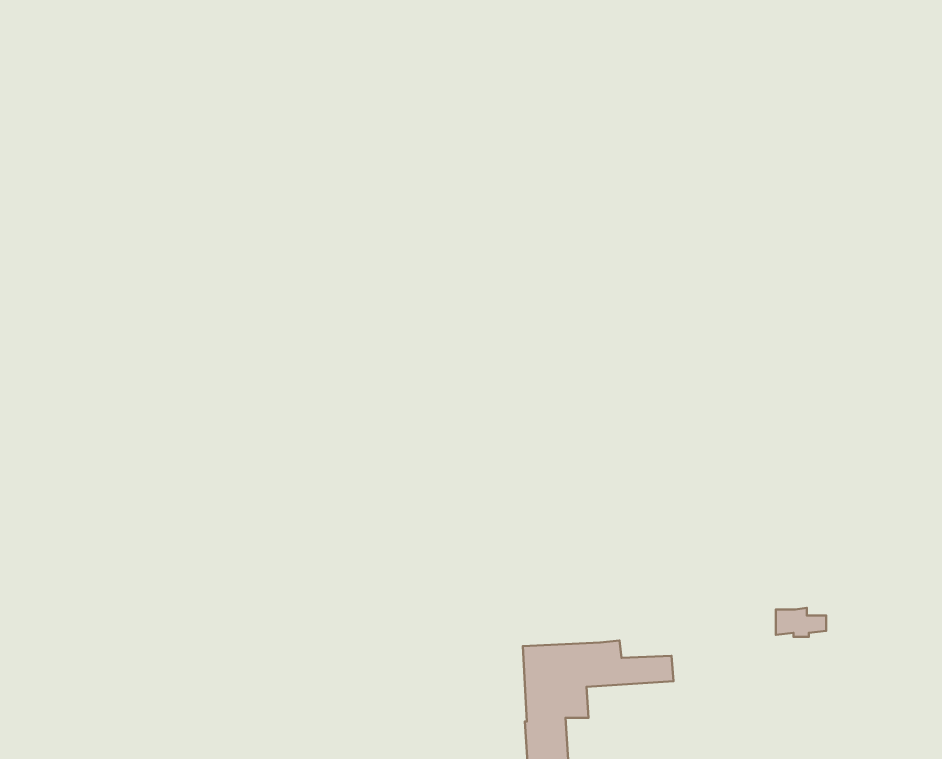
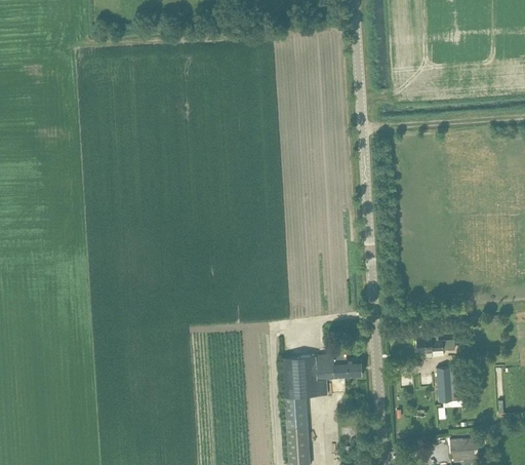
building: none -> [438,367,454,402]

